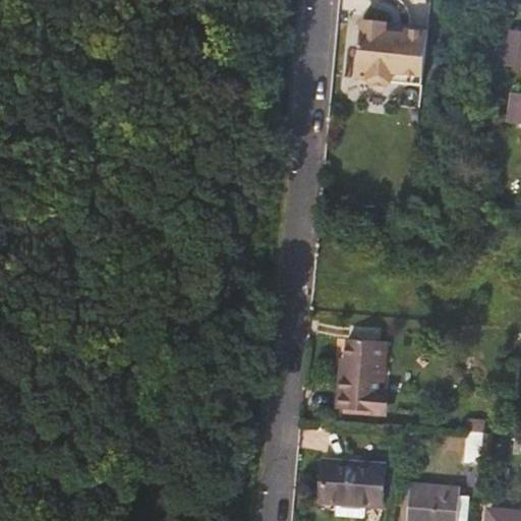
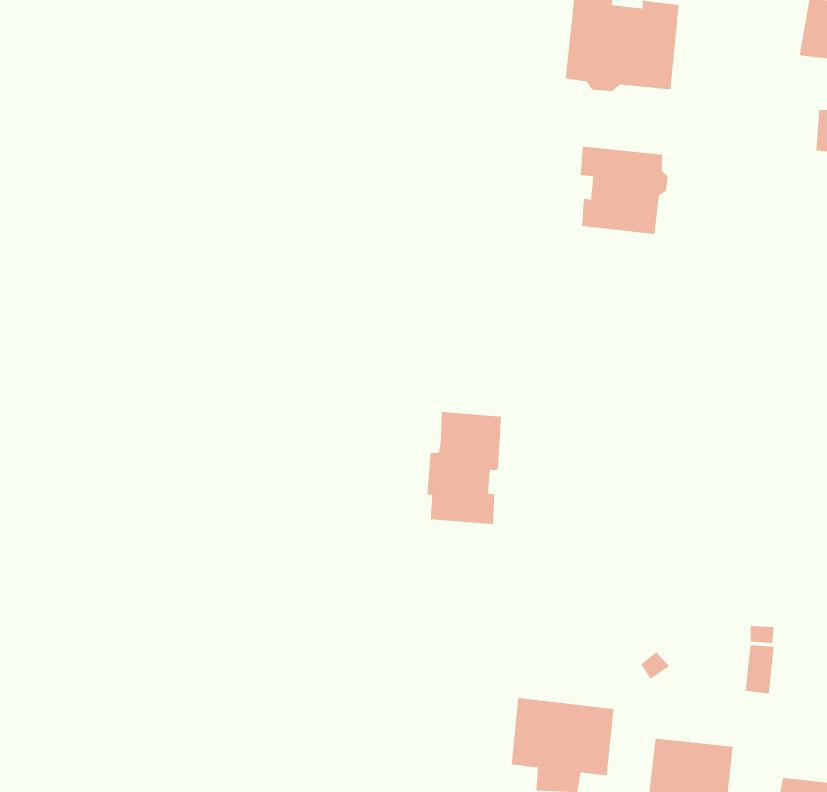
building: none -> [580,146,668,235]
building: [336,339,383,409] -> [427,412,502,524]

